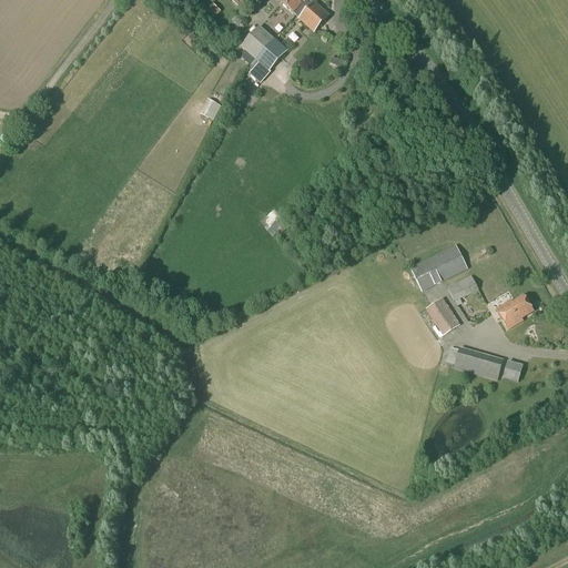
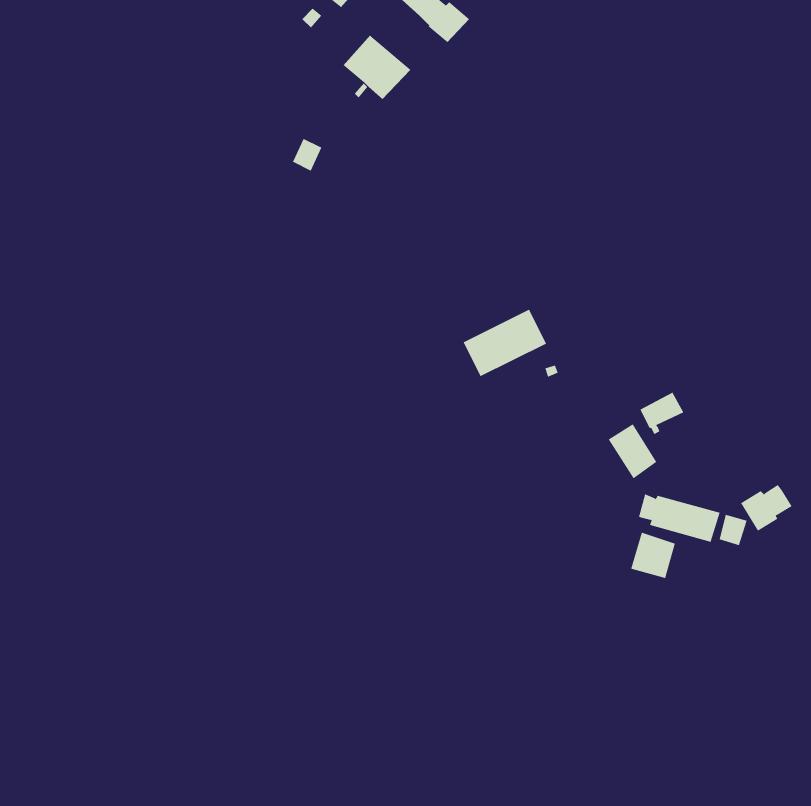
building: [409,243,468,291] -> [463,309,547,377]
building: [496,294,532,327] -> [740,484,793,532]
building: none -> [630,532,676,579]

